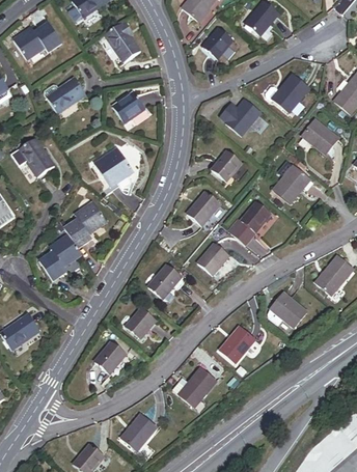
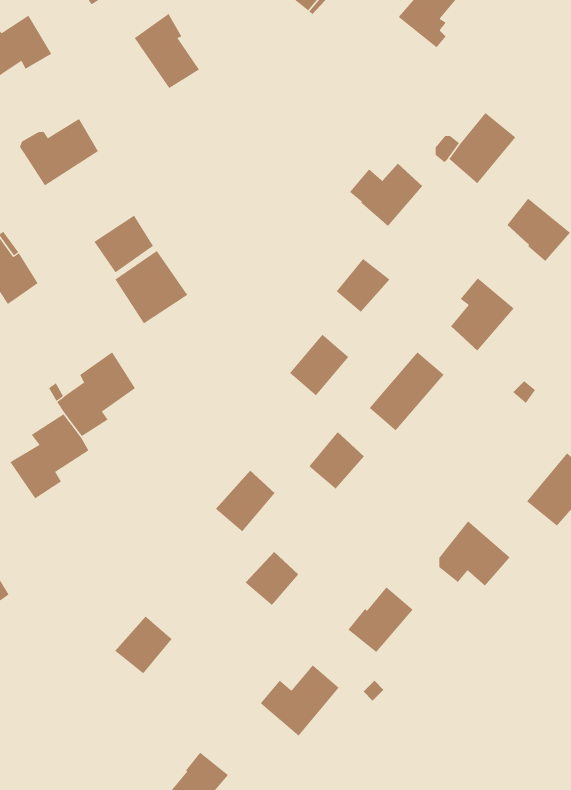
building: [203,29,232,58] -> none
building: [112,91,144,122] -> [94,215,154,273]
building: [126,309,155,338] -> [245,551,299,606]

